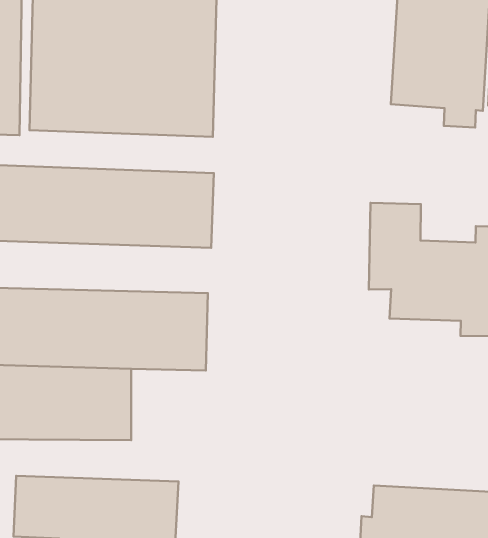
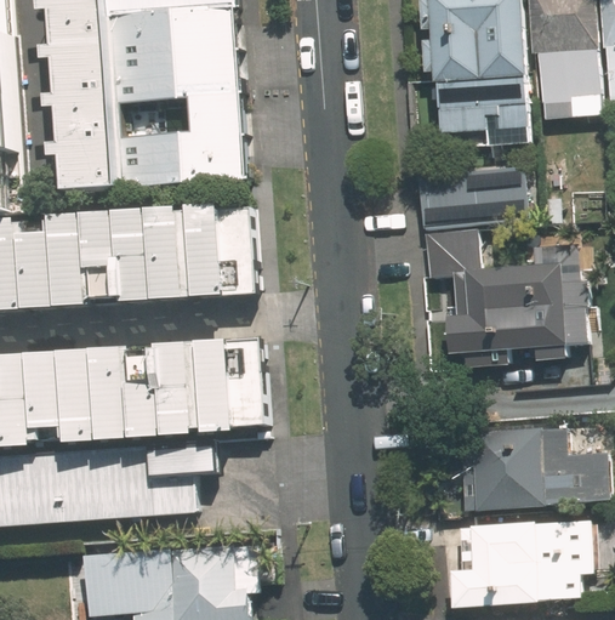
building: none -> [411,160,525,224]
building: none -> [456,428,557,508]

